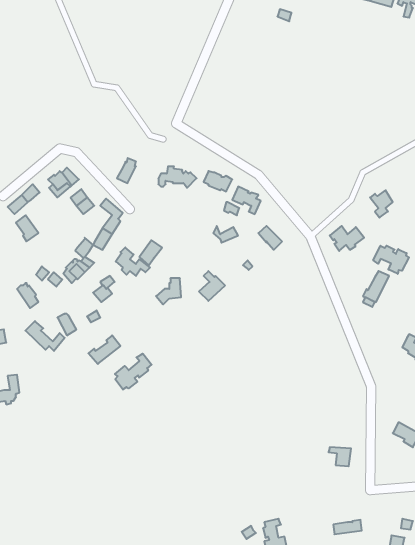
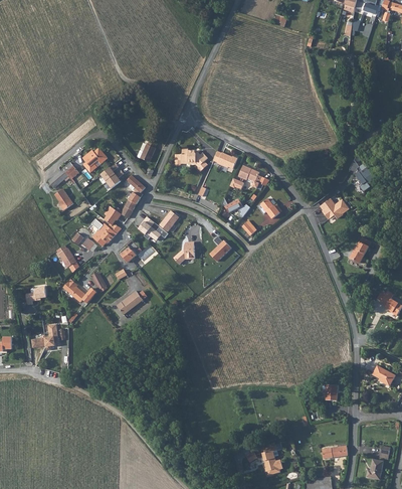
building: [373,246,409,274] -> none
building: [115,354,152,390] -> none

